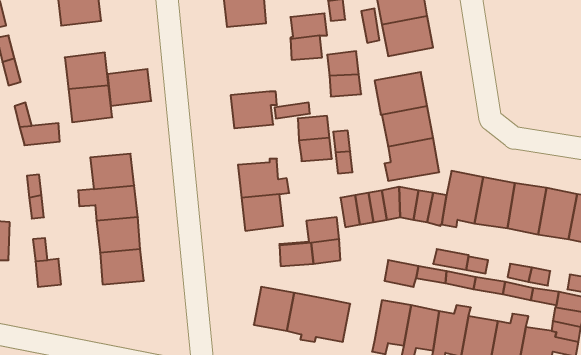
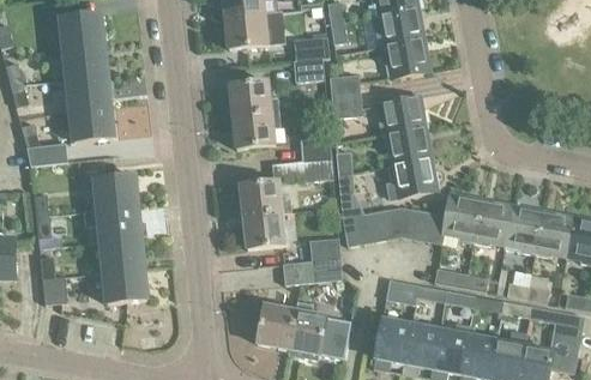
building: none -> [230,80,277,116]
building: [107,69,151,106] -> [66,43,109,79]

